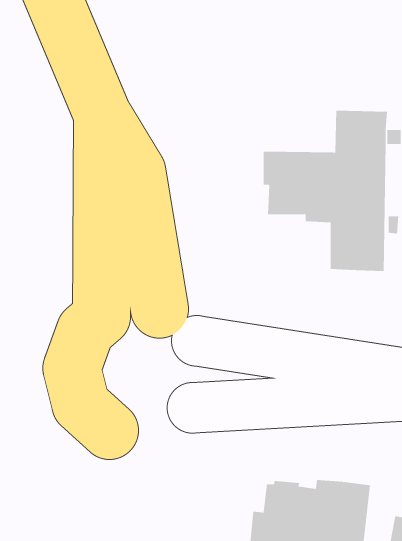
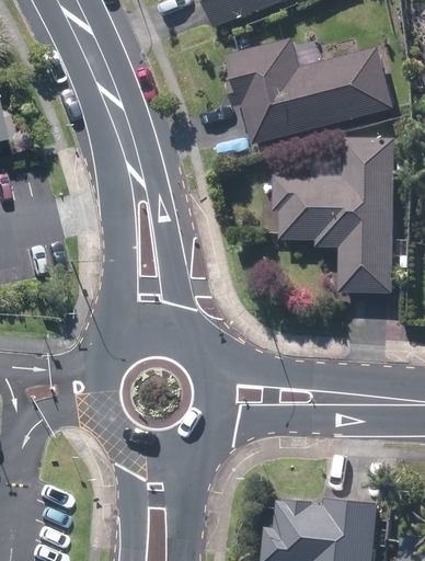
building: none -> [228,39,393,145]

